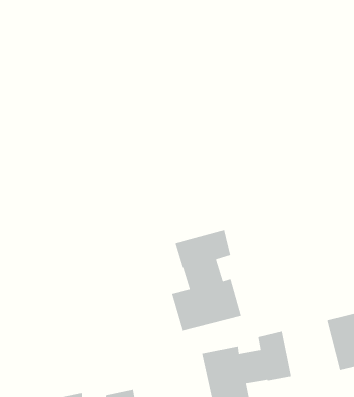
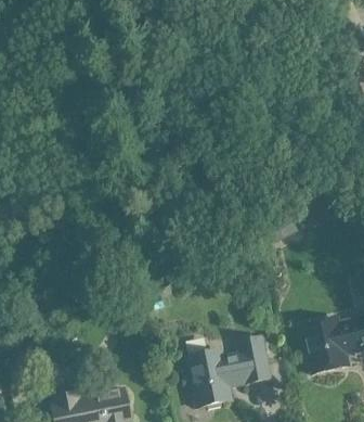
building: [171,229,242,332] -> none

